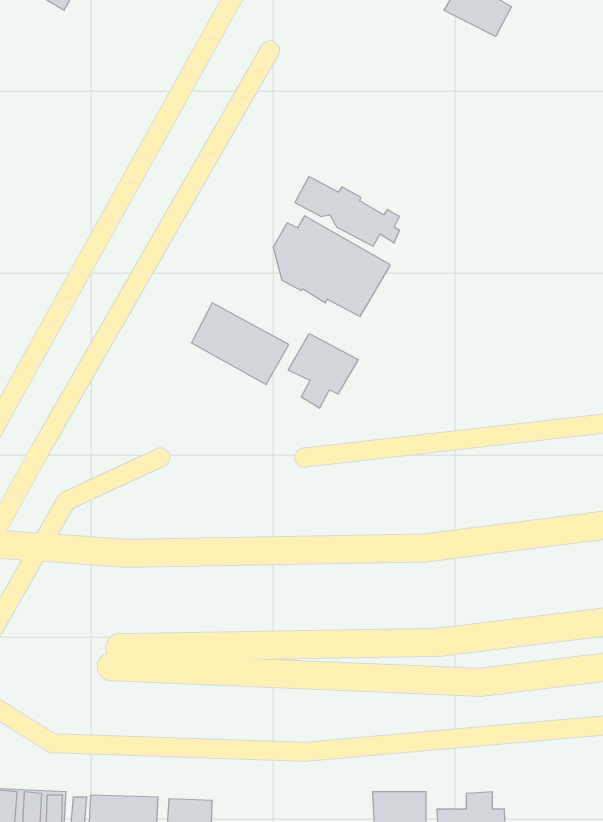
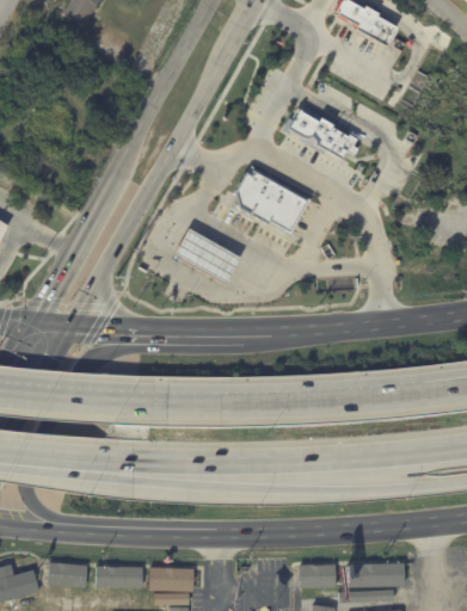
building: [295,177,399,246] -> [287,107,358,155]
building: [288,334,358,408] -> none

